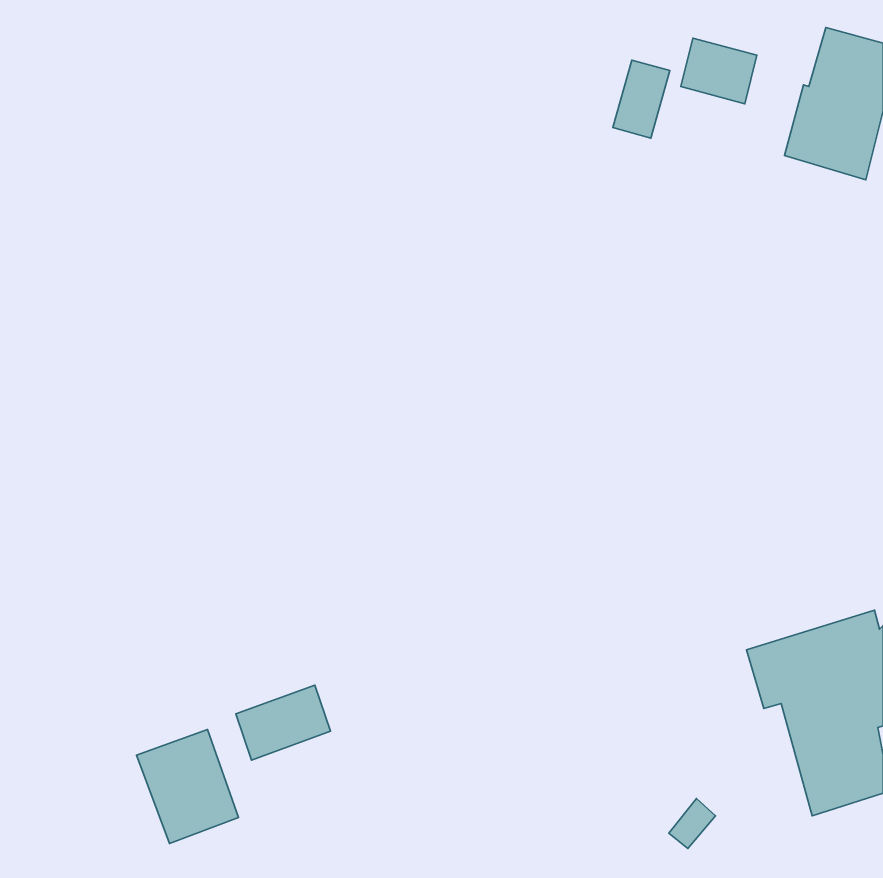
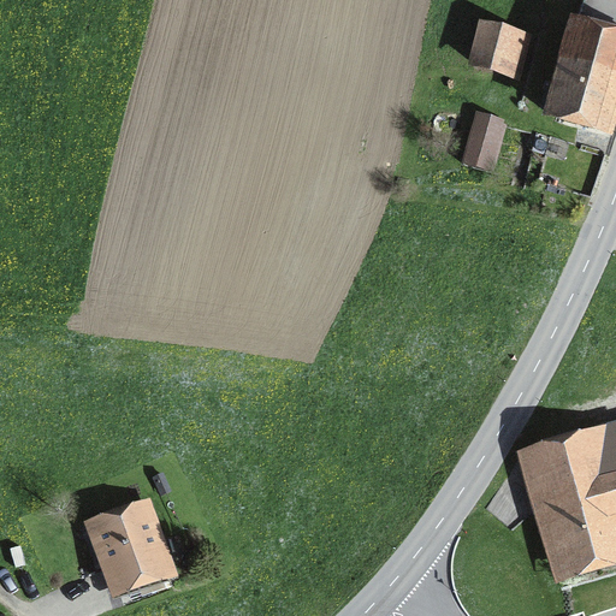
building: [613,60,670,138] -> [463,114,503,168]
building: [236,685,331,760] -> none

